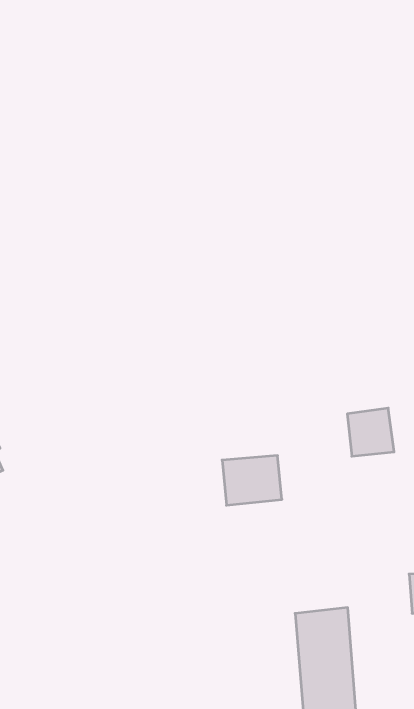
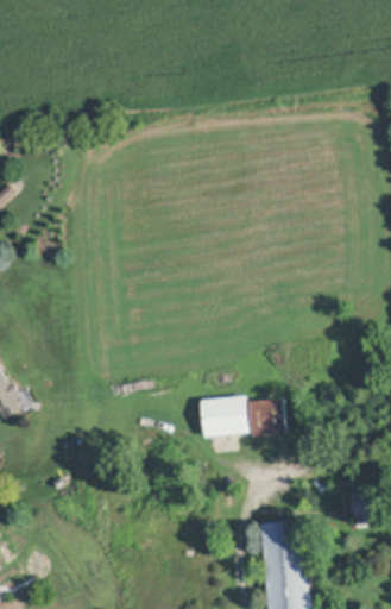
building: [347,408,394,456] -> [247,397,285,437]

